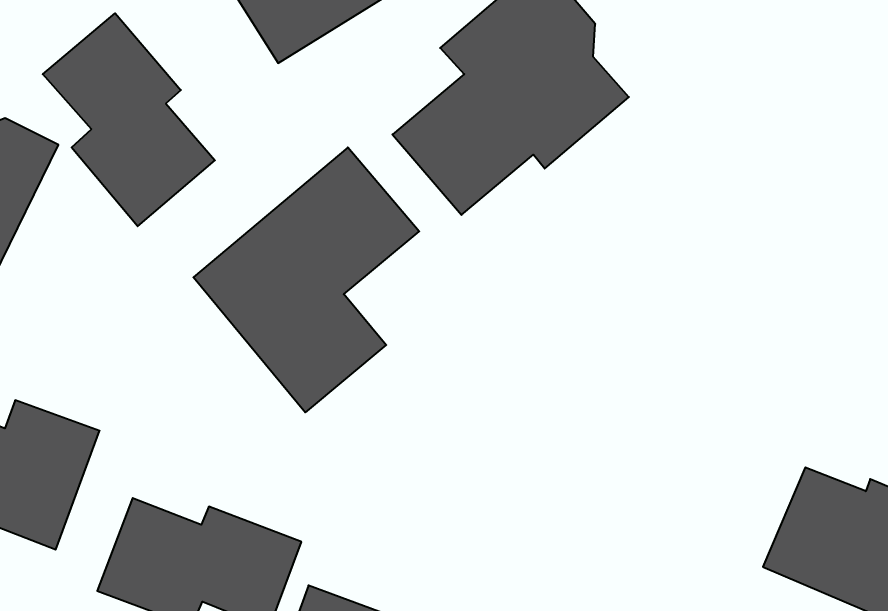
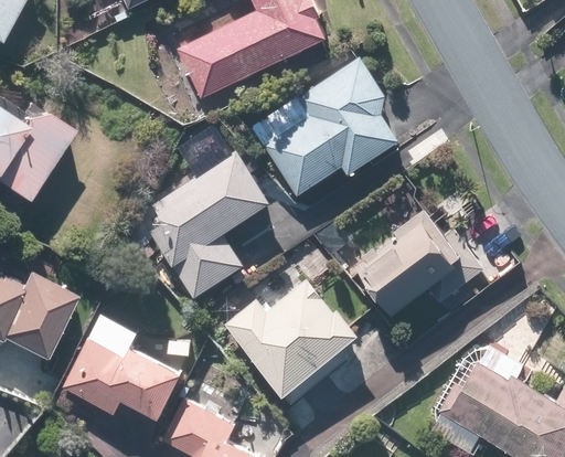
building: [43,13,215,226] -> none
building: none -> [354,209,484,316]
building: none -> [225,278,360,397]

